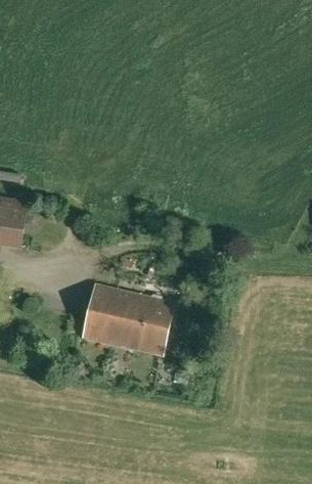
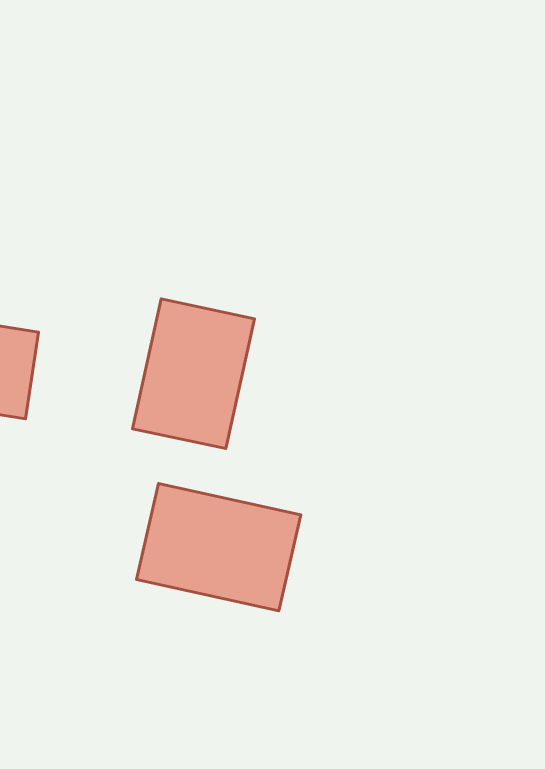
building: none -> [133,299,255,449]

